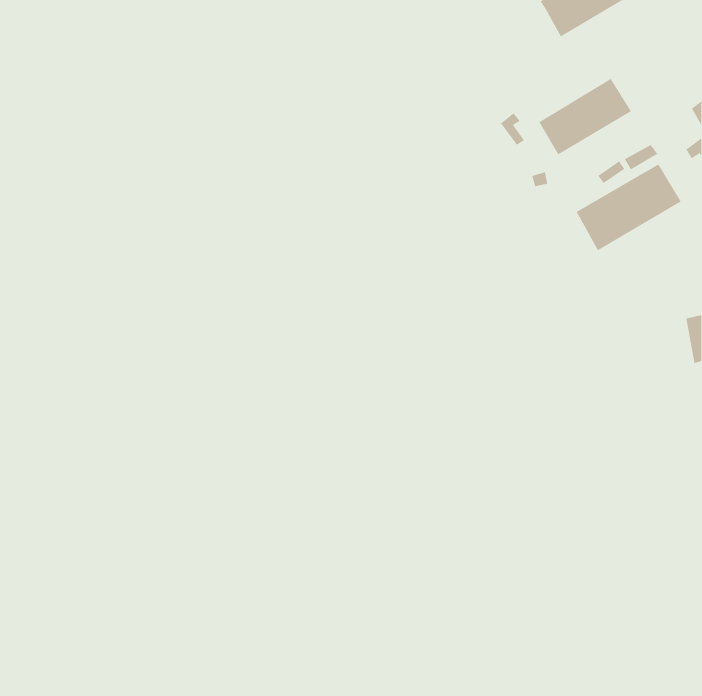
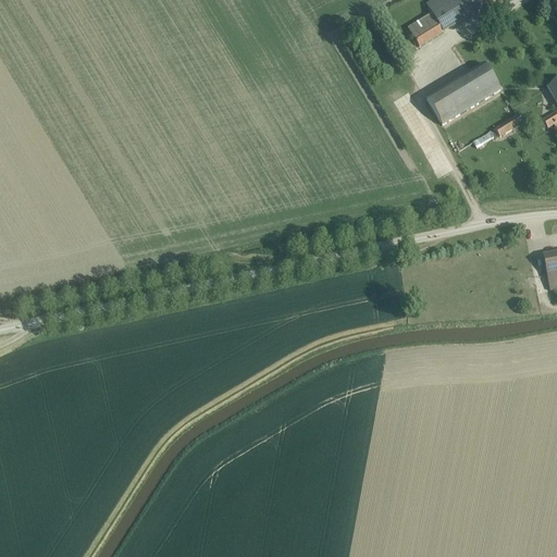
building: none -> [408,10,444,45]
building: [576,164,681,251] -> none

